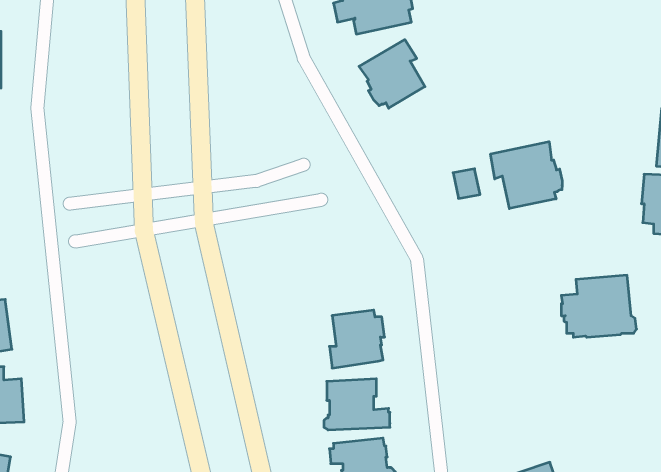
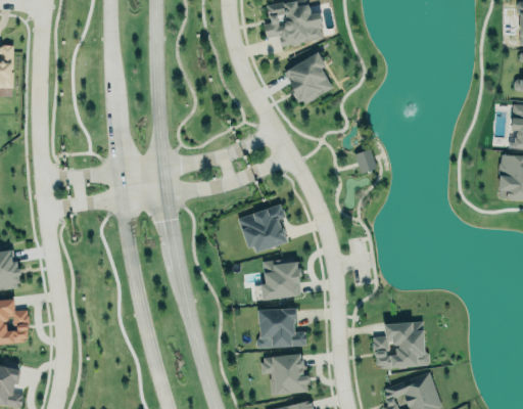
building: [491,142,562,209] -> none
building: none -> [238,204,286,254]
building: [561,275,637,337] -> [373,321,430,368]

